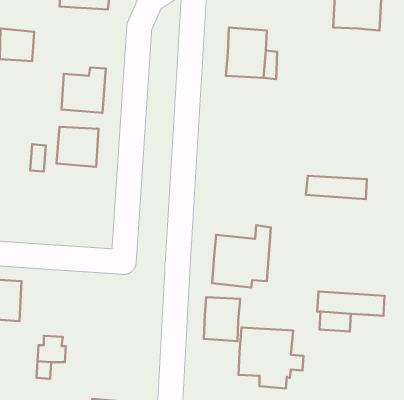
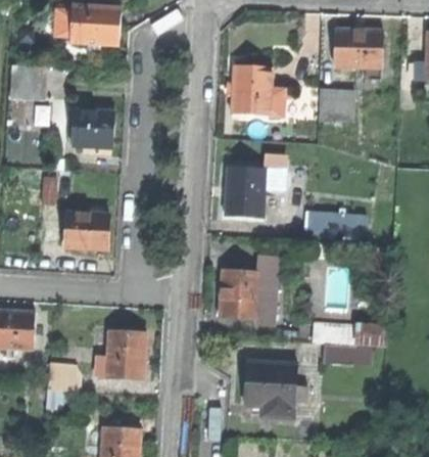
building: none -> [321,90,353,120]
building: none -> [226,157,285,216]
building: [56,127,98,167] -> [66,212,107,250]
building: [204,297,240,341] -> none
building: none -> [94,330,146,379]

